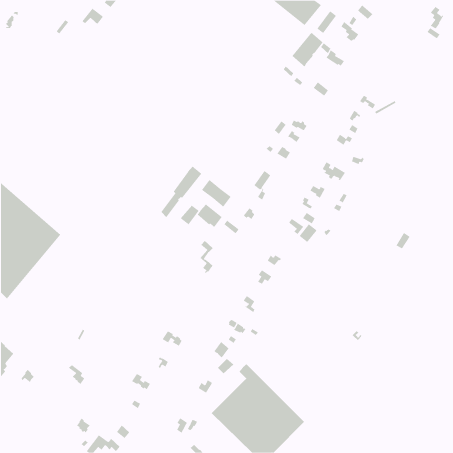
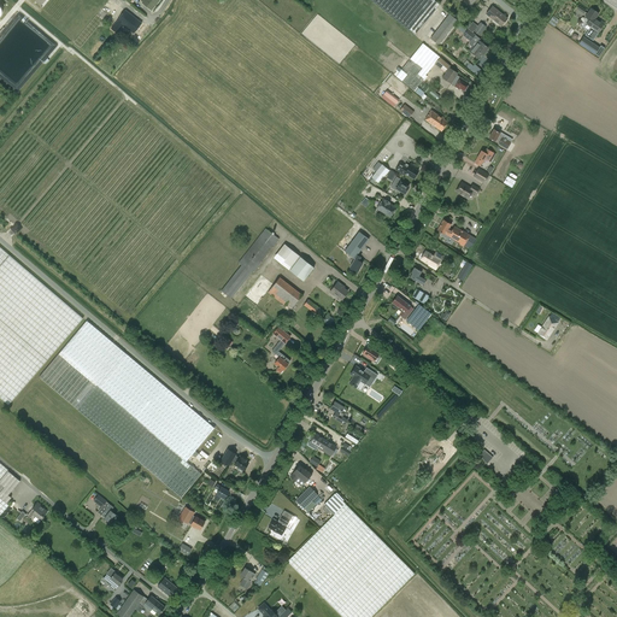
building: none -> [39,321,215,498]

